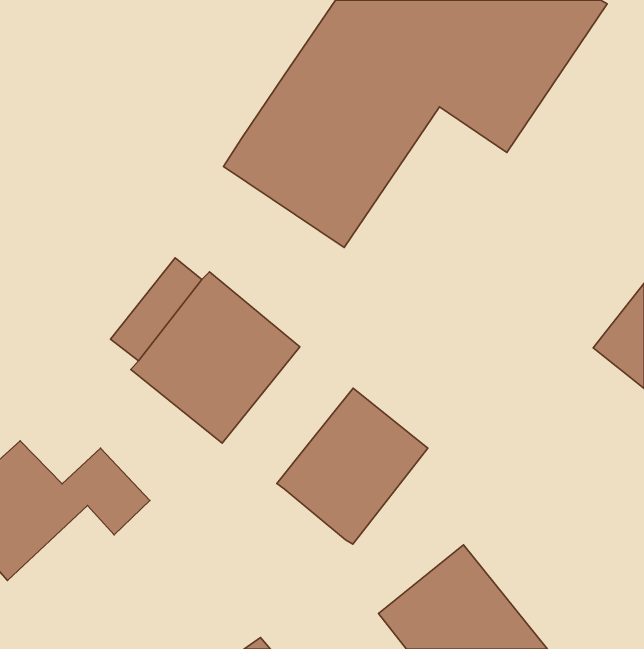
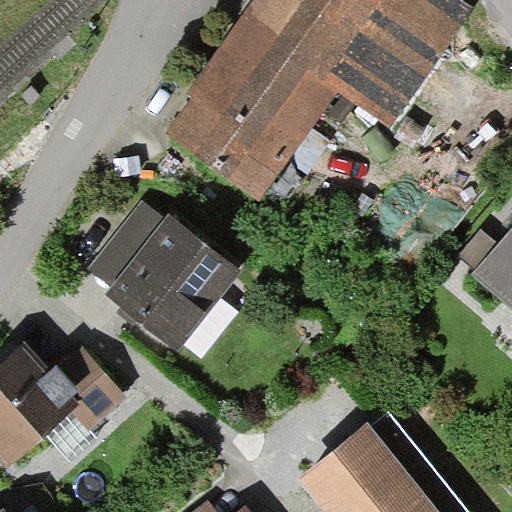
building: [277,388,428,544] -> none

